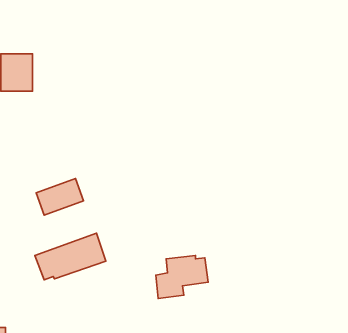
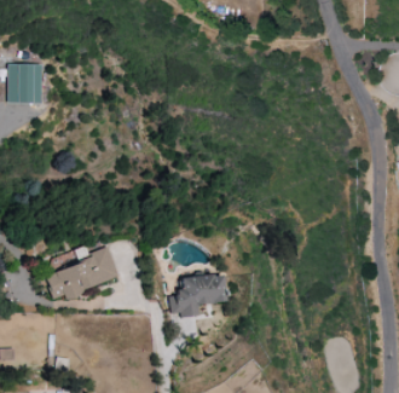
building: [36,179,83,215] -> none

